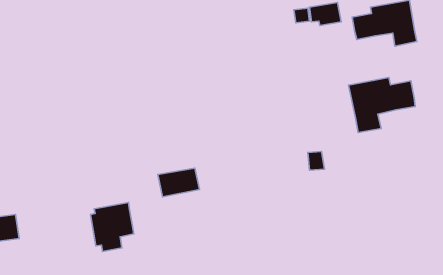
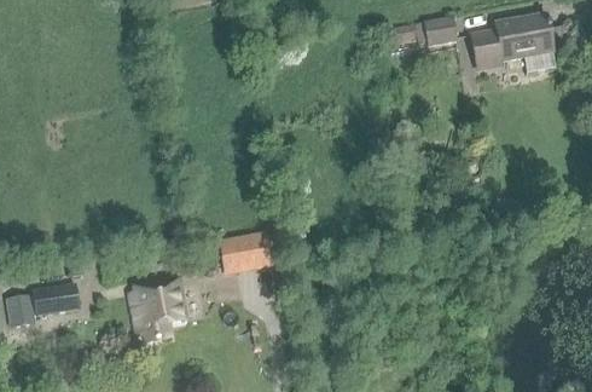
building: [349,78,415,133] -> none
building: none -> [31,283,80,317]

